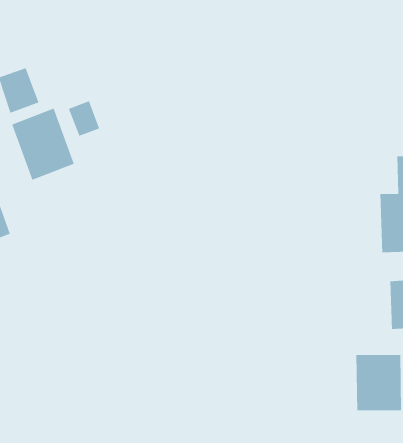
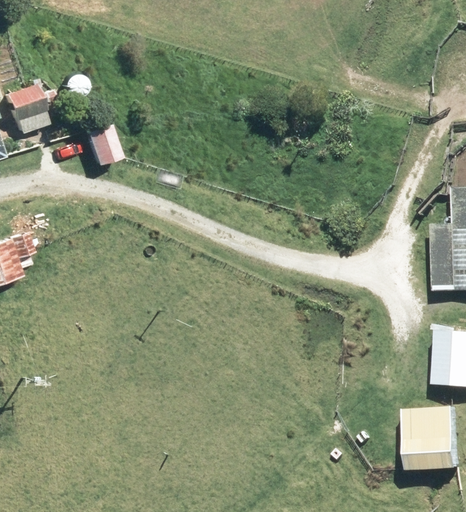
building: [11,108,75,181] -> none

